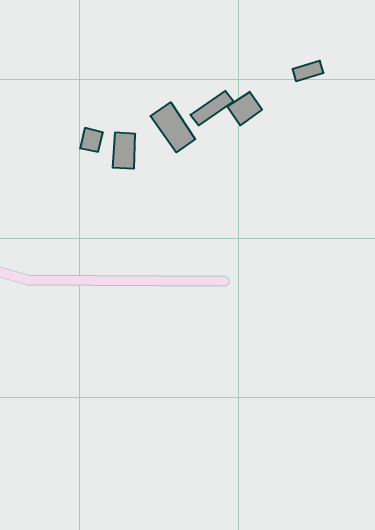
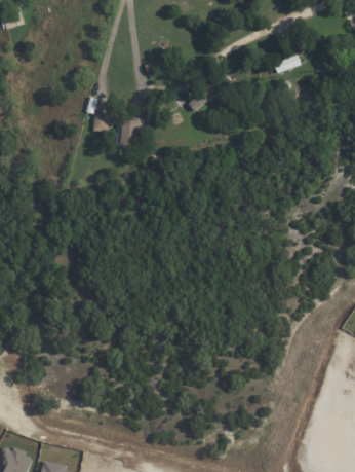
building: [227,92,262,125] -> none
building: [150,102,195,152] -> none

